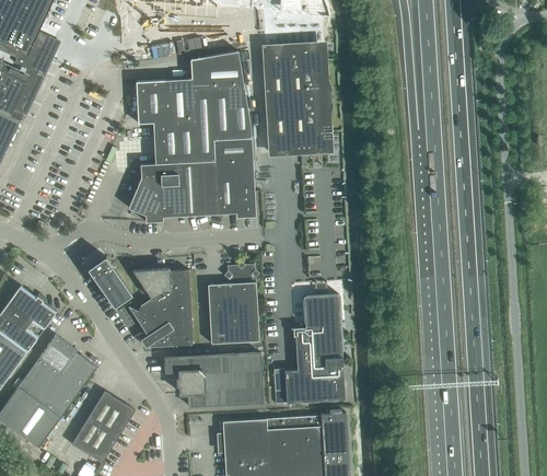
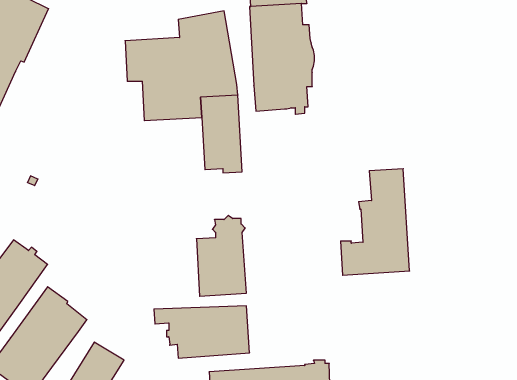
building: [128,160,218,221] -> none
building: [88,256,132,306] -> none
building: [128,267,193,347] -> none
building: [275,293,346,403] -> [341,169,410,275]

